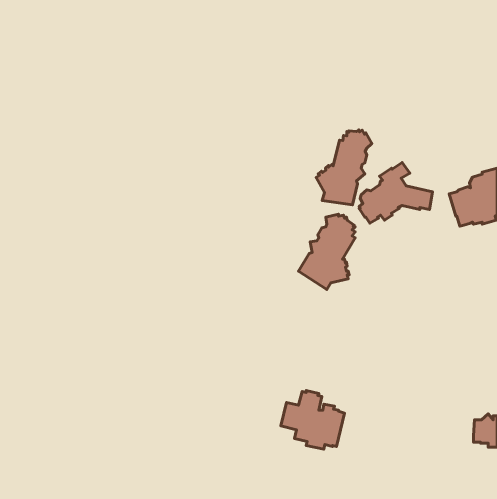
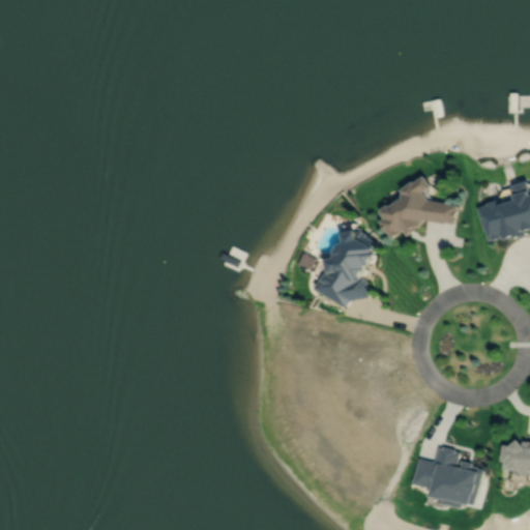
building: [316,130,372,205] -> none
building: [281,391,344,449] -> [414,446,481,508]

